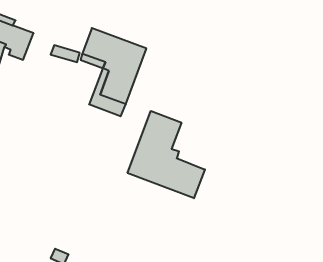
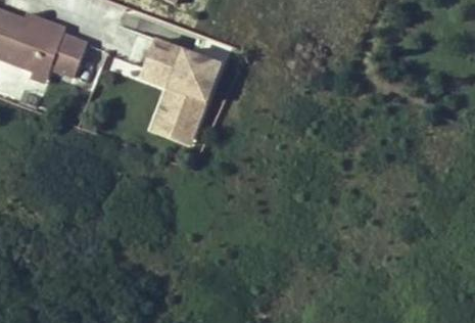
building: [128,111,205,198] -> none

